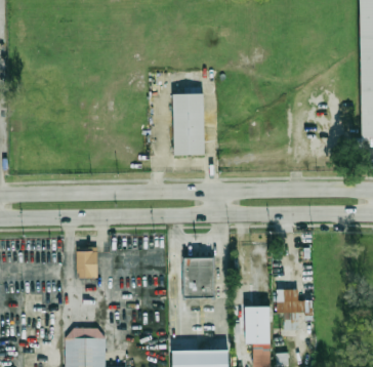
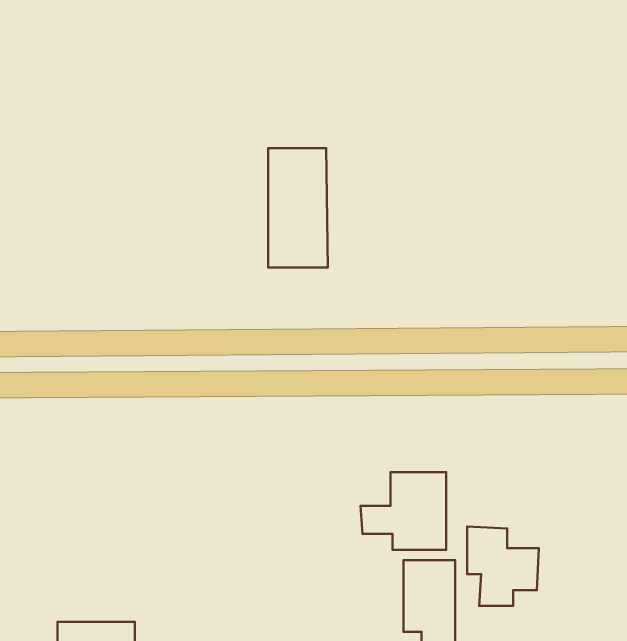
building: [79,249,99,276] -> none
building: [169,257,213,297] -> [361,472,446,550]

